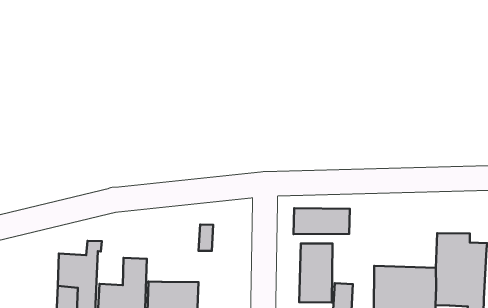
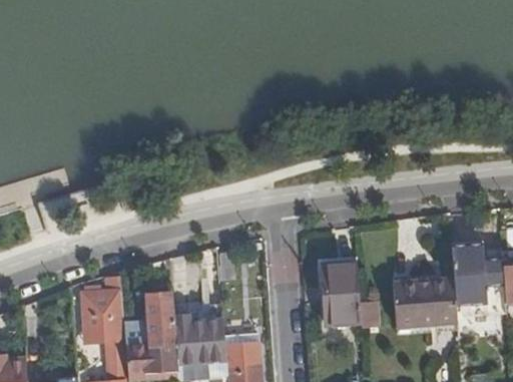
building: [294,208,350,234] -> none

